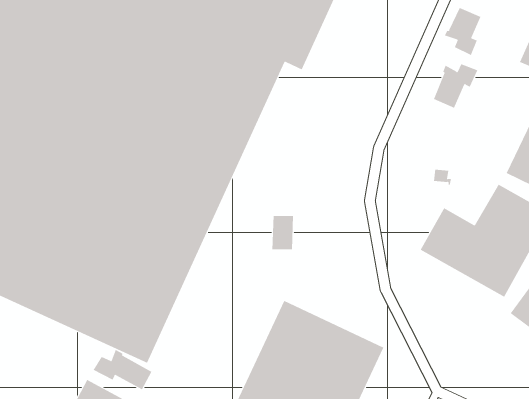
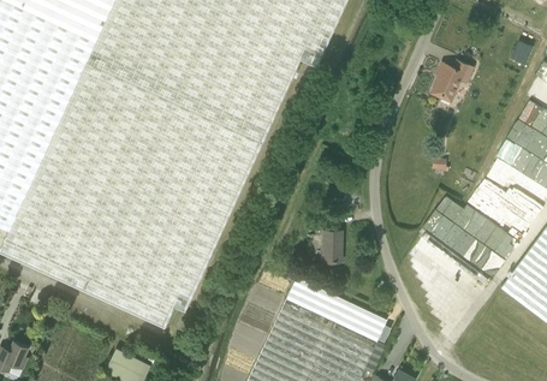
building: [444,7,481,56] -> none
building: [272,215,294,250] -> [322,230,343,261]
building: [93,349,152,390] -> none

